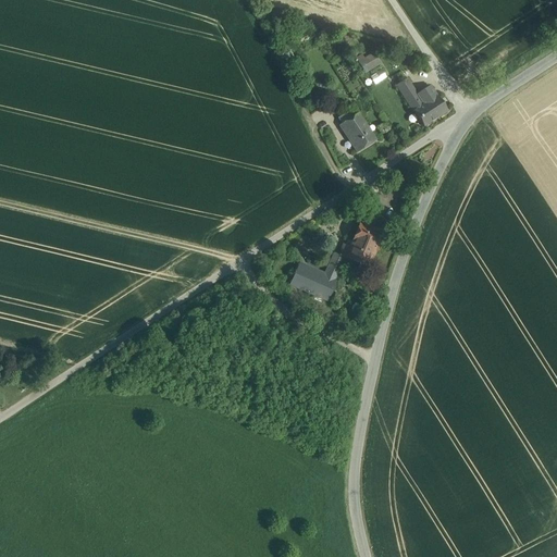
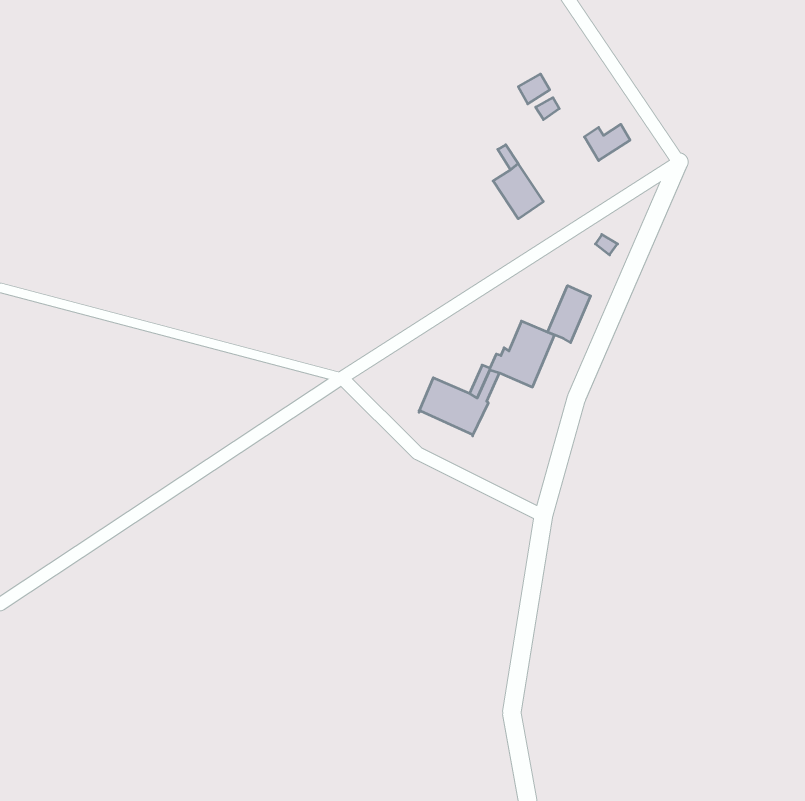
building: [413,96,447,126] -> none
building: none -> [548,286,591,343]

